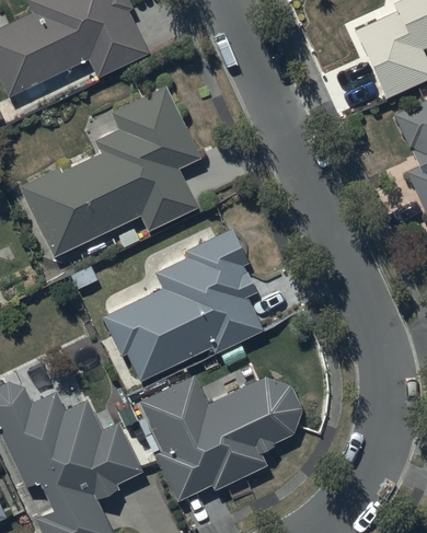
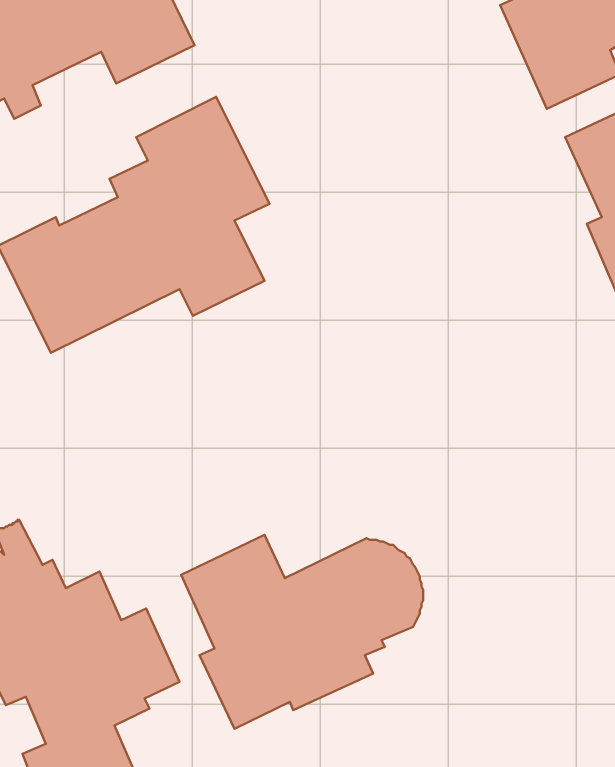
building: [103,229,263,382] -> none

